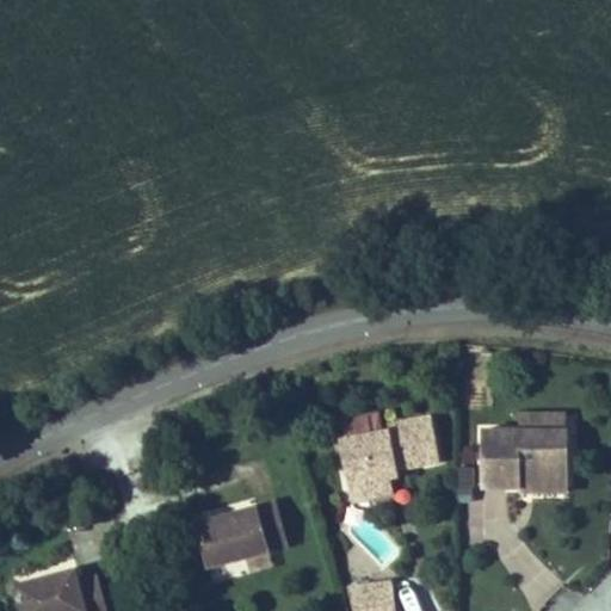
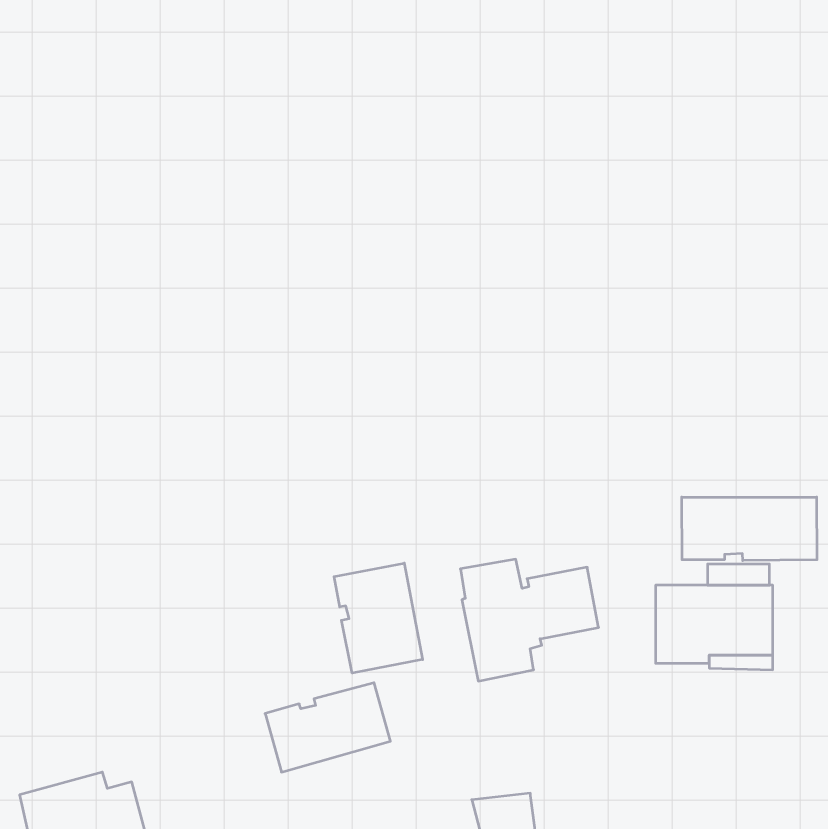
building: none -> [682,497,817,561]
building: none -> [334,563,423,673]

